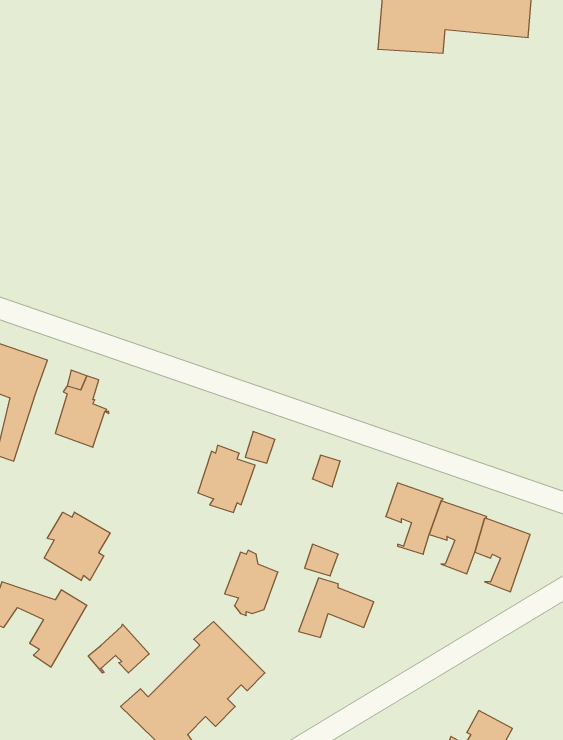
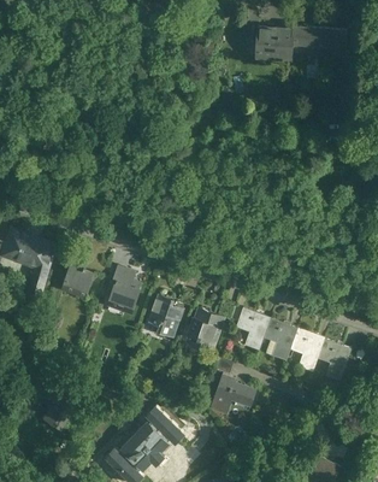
building: none -> [106,266,140,313]
building: none -> [235,308,270,352]
building: [44,512,110,581] -> none
building: [225,550,278,616] -> [188,311,220,351]
building: [88,624,149,673] -> none

